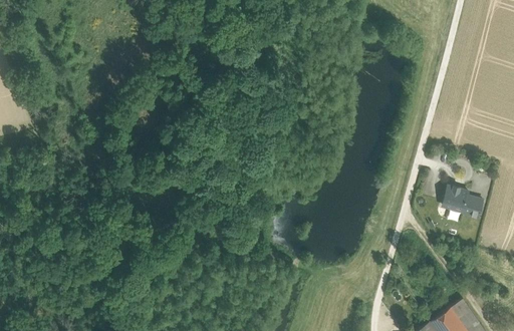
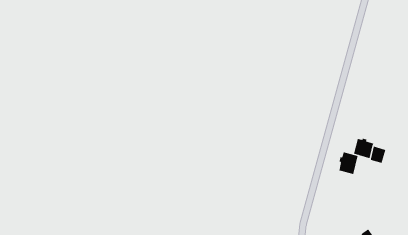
building: none -> [339,151,358,175]

